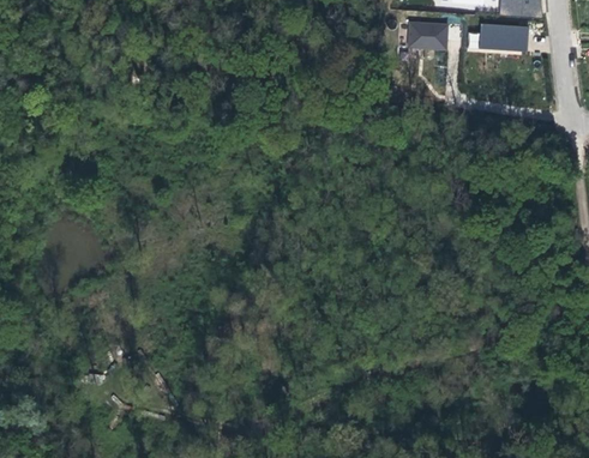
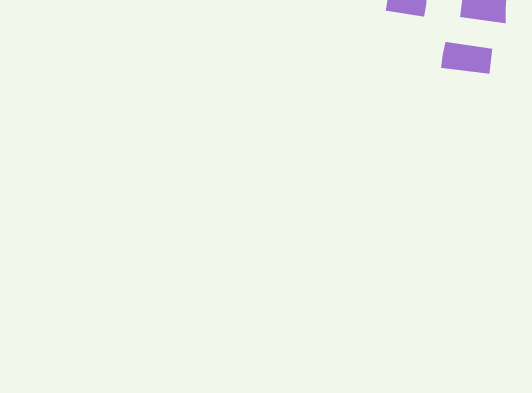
building: none -> [440,41,493,75]

